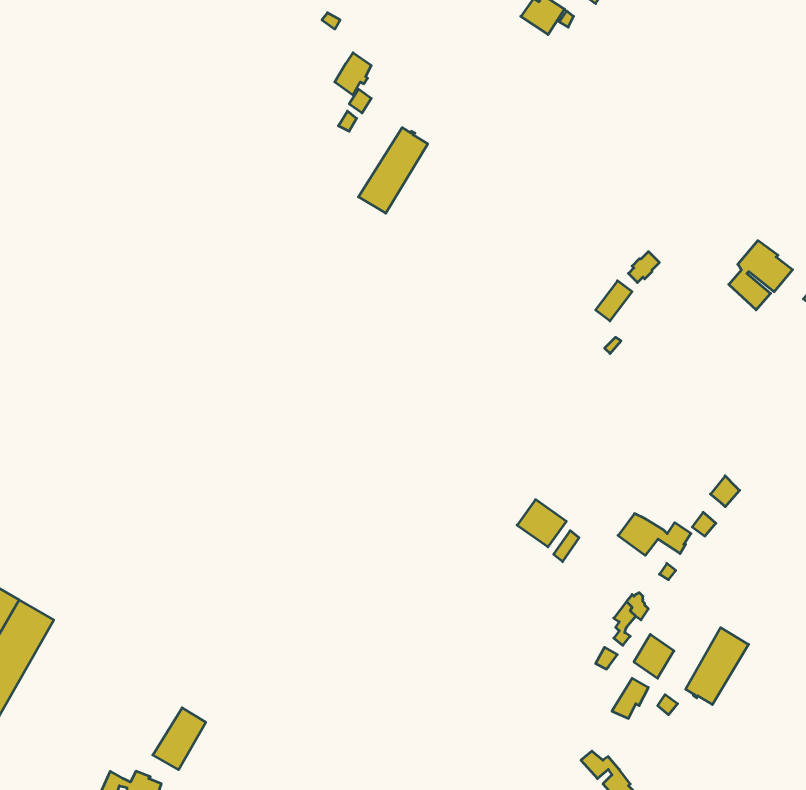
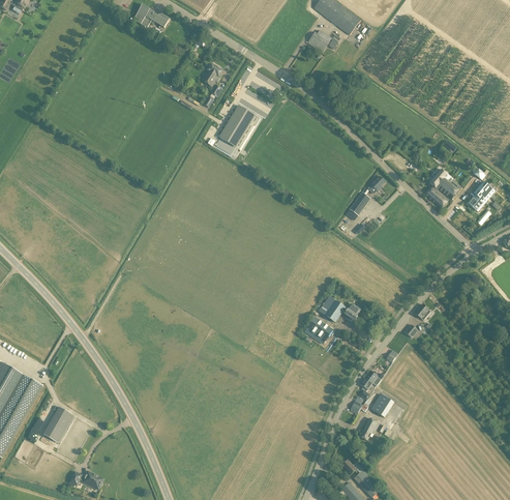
building: [618,514,691,555] -> [319,298,360,322]
building: [686,628,749,705] -> none
building: [153,708,206,770] -> [41,407,71,442]

